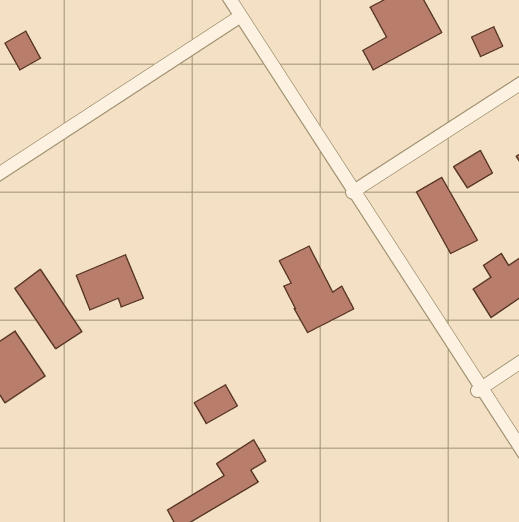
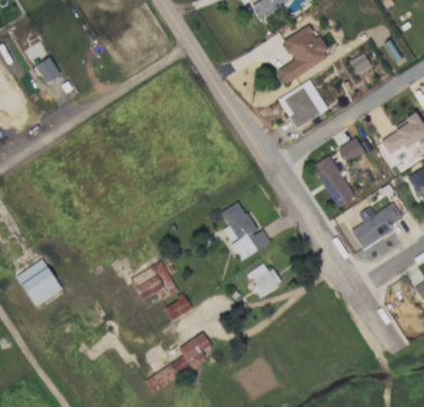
building: none -> [279,80,328,128]
building: [76,255,143,310] -> [132,262,177,299]
building: [15,269,82,349] -> none
building: none -> [247,262,283,296]

